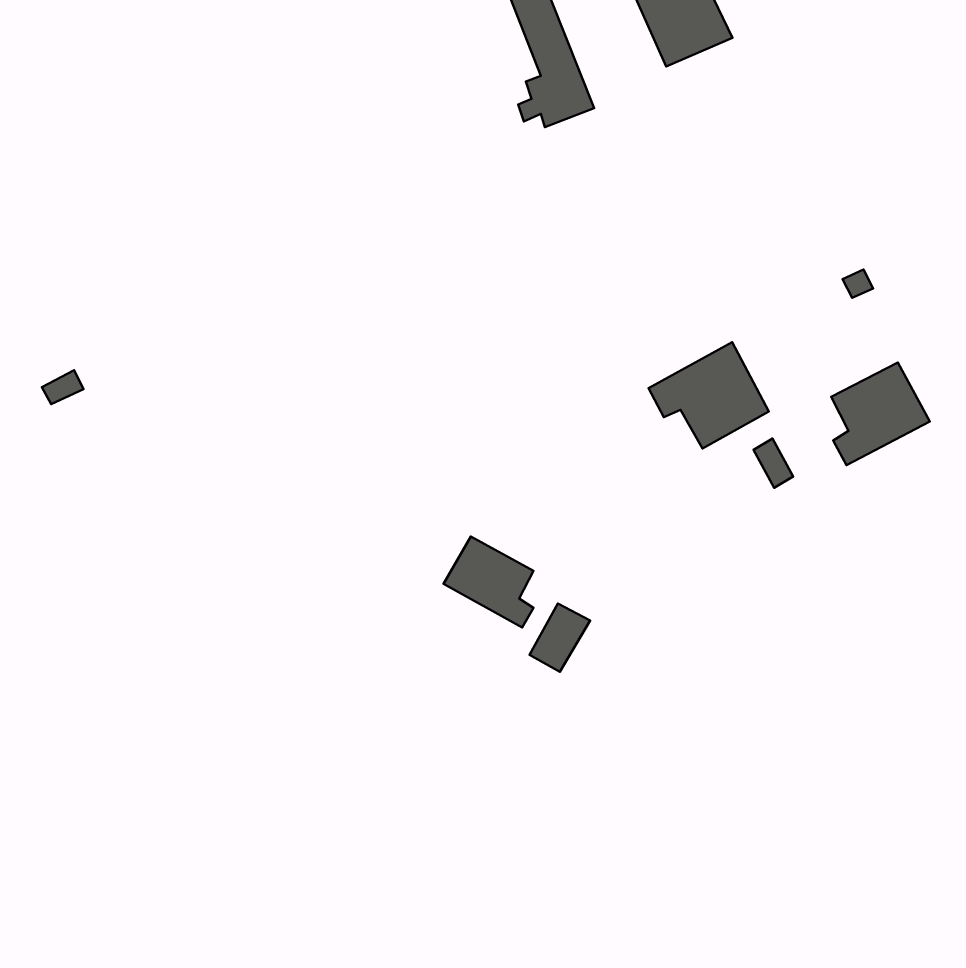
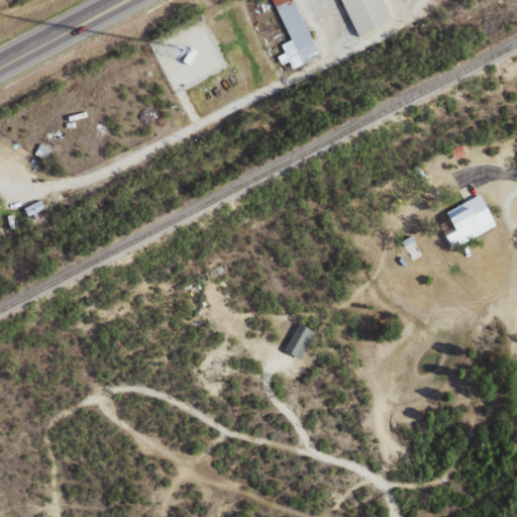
building: [648,342,769,448] -> none
building: [443,537,534,627] -> none

